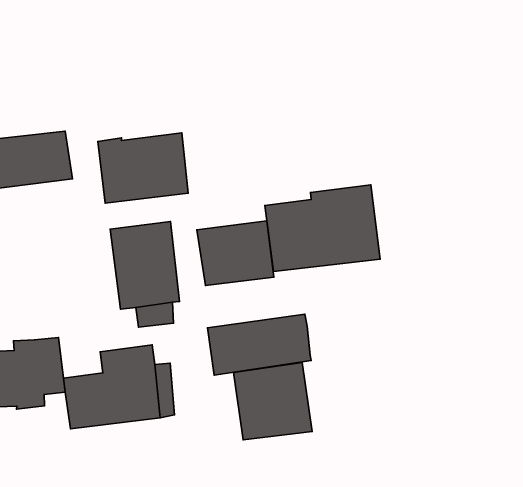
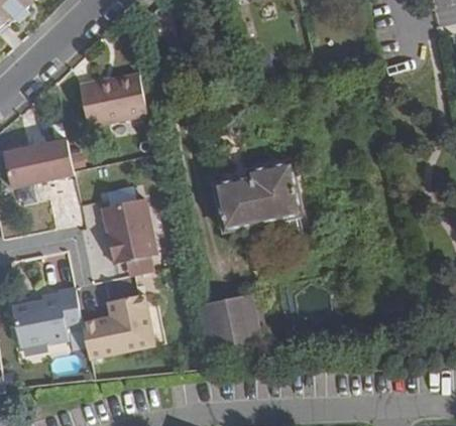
building: [98,133,188,203] -> [80,72,148,127]
building: [197,221,274,286] -> none
building: [207,314,311,375] -> none

